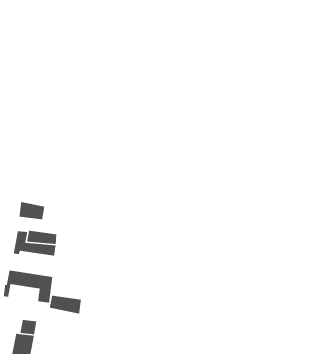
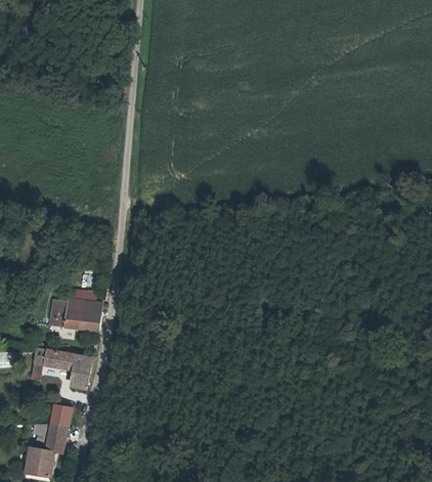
building: [18,201,45,220] -> none
building: [49,295,82,315] -> none

